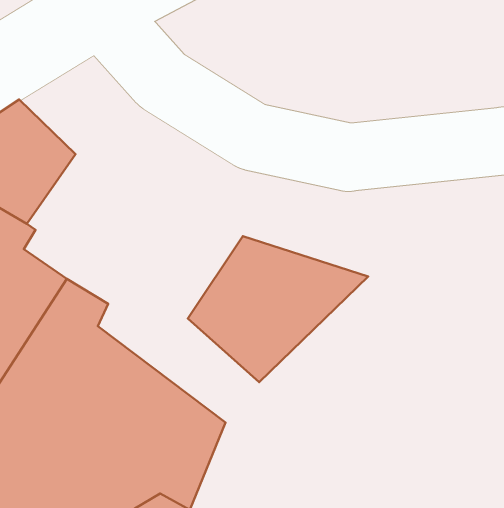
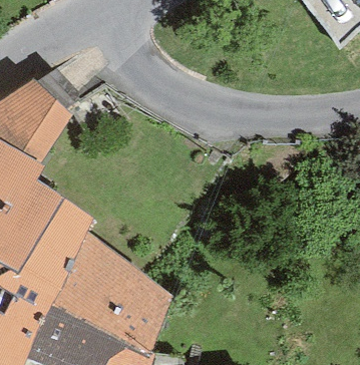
building: [188,236,368,382] -> none

